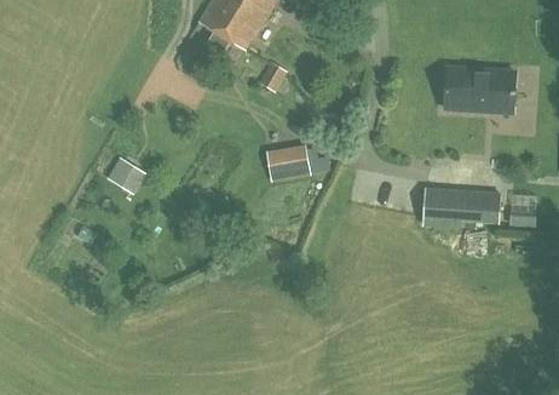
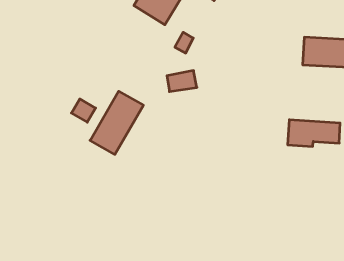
building: none -> [90,91,143,154]
building: [267,149,311,179] -> [167,71,197,92]

